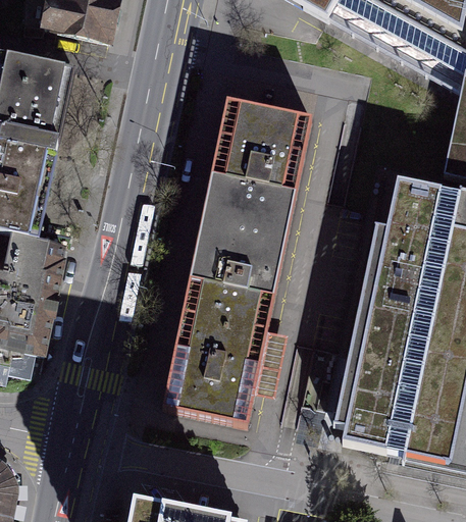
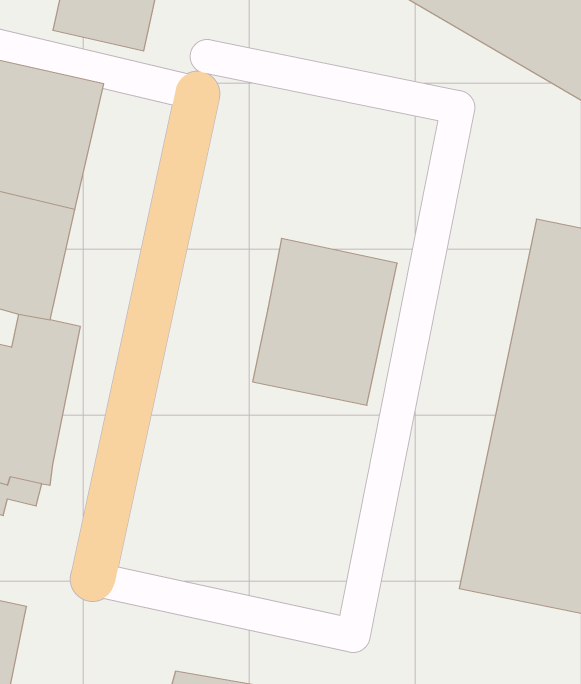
building: [211,98,313,195] -> none
building: [164,282,274,423] -> none

